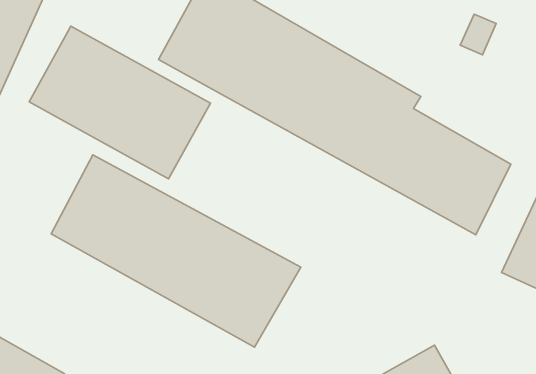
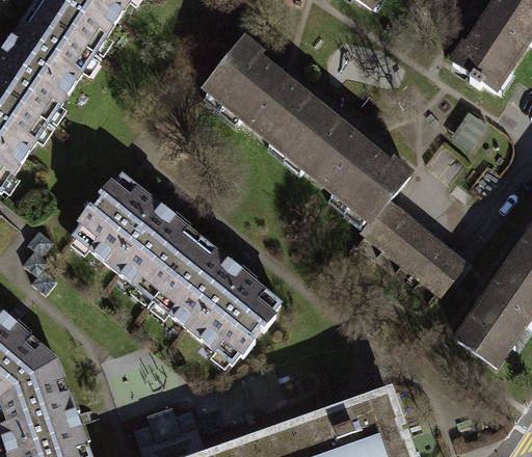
building: [29,26,210,179] -> none

